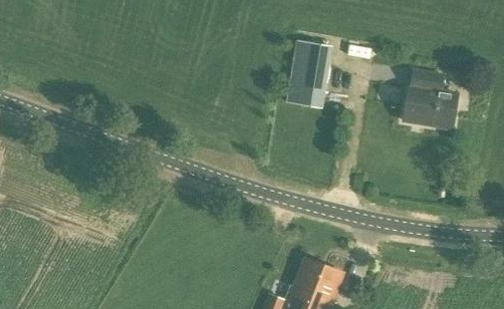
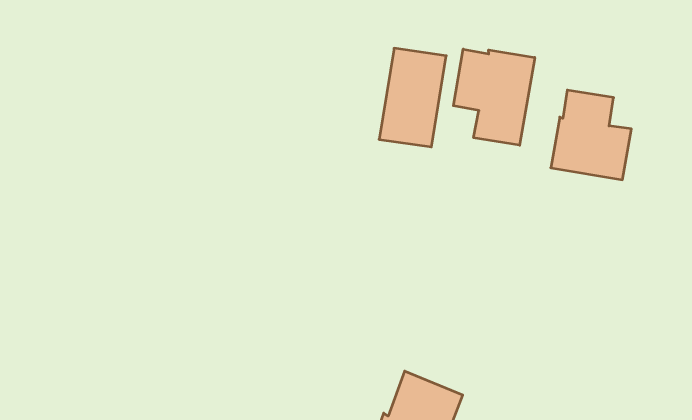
building: none -> [453,49,535,145]

